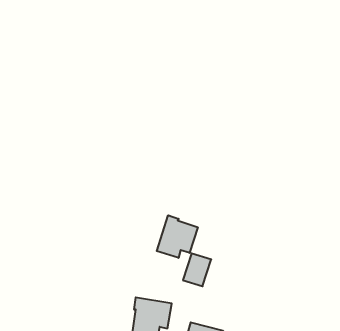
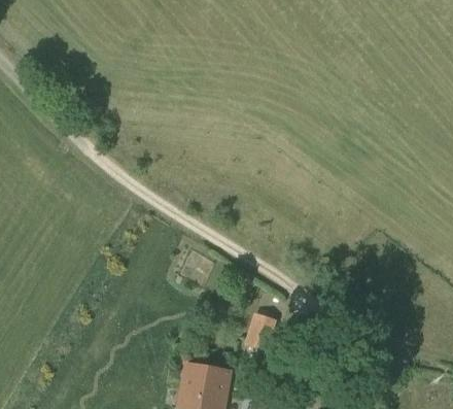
building: [157,215,198,258] -> none

